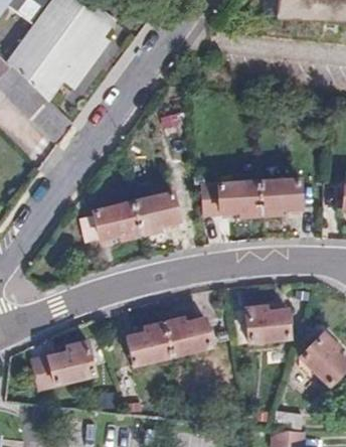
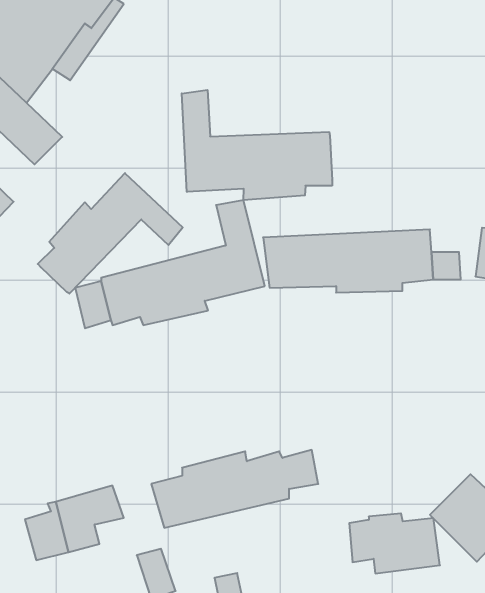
building: none -> [182,90,332,200]
building: none -> [38,173,183,294]
building: [233,305,290,342] -> [349,513,440,573]

